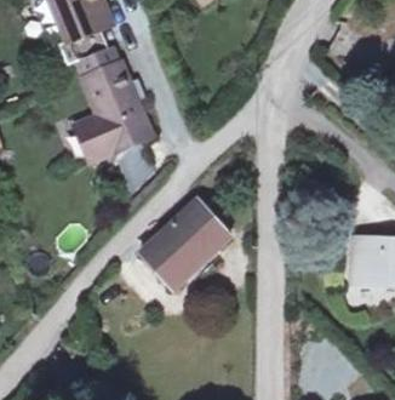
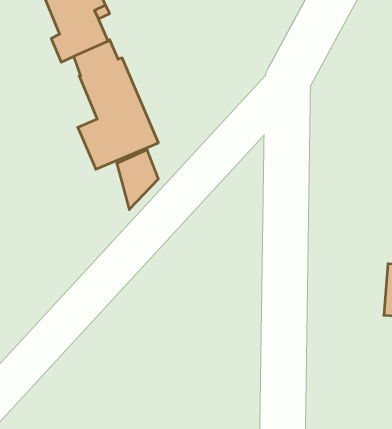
building: [139,201,227,288] -> none

